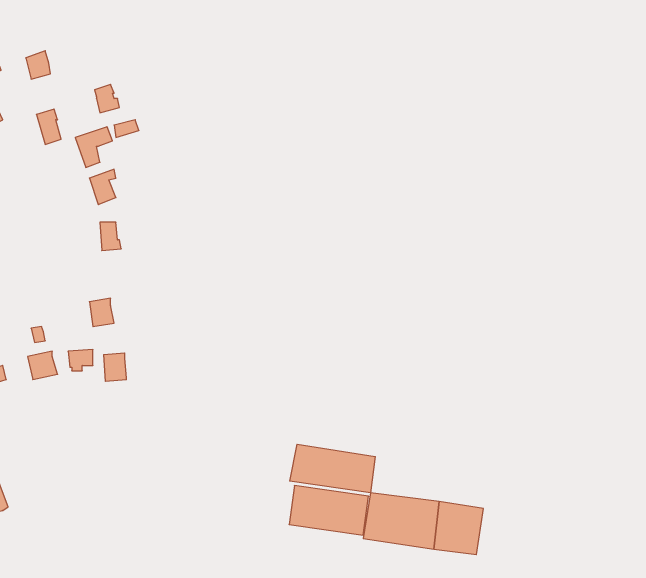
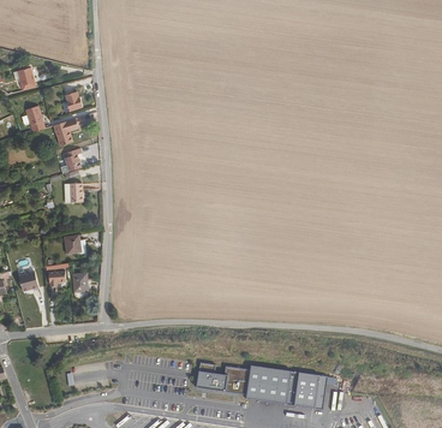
building: [290,444,375,493] -> none

